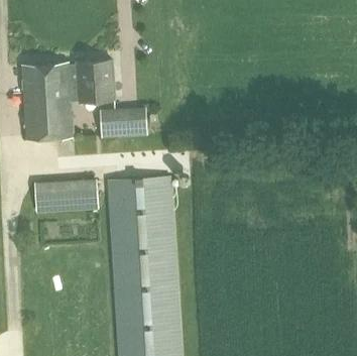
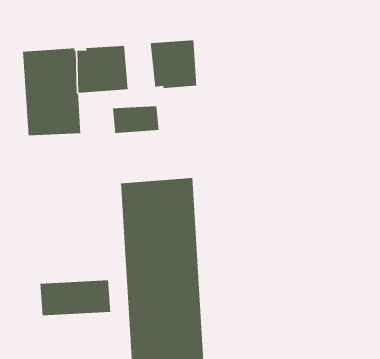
building: none -> [150,40,197,89]
building: [35,181,98,212] -> [40,280,111,316]

